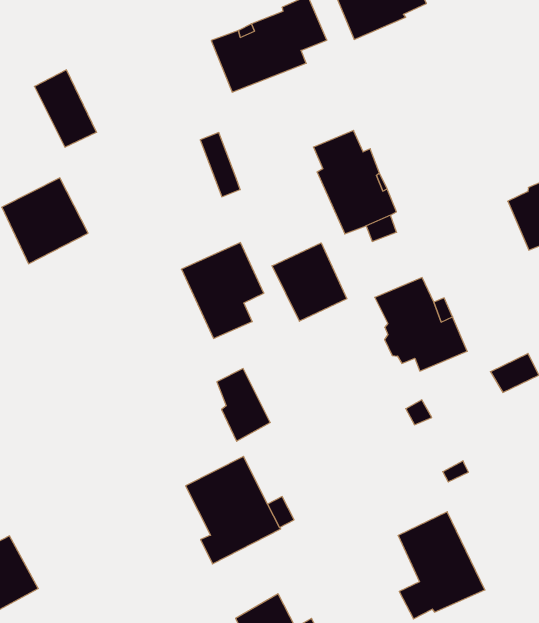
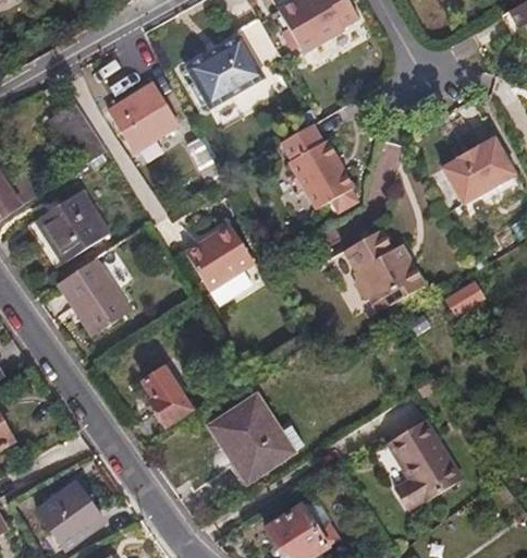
building: none -> [109,83,176,150]
building: [272,243,347,321] -> none
building: none -> [57,257,132,336]
building: [217,369,270,441] -> [144,367,191,426]

